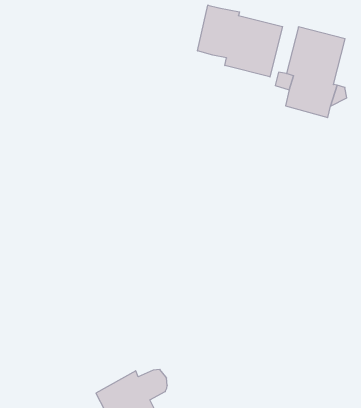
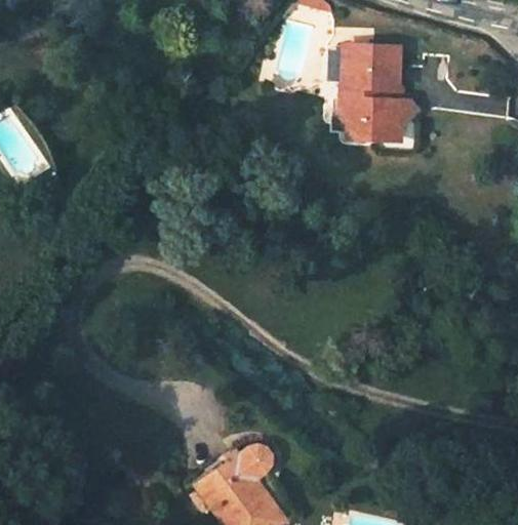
building: [198,5,283,77] -> none

